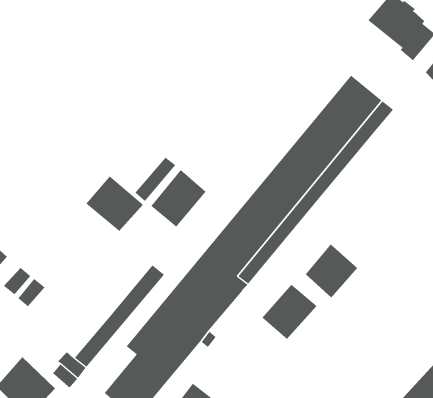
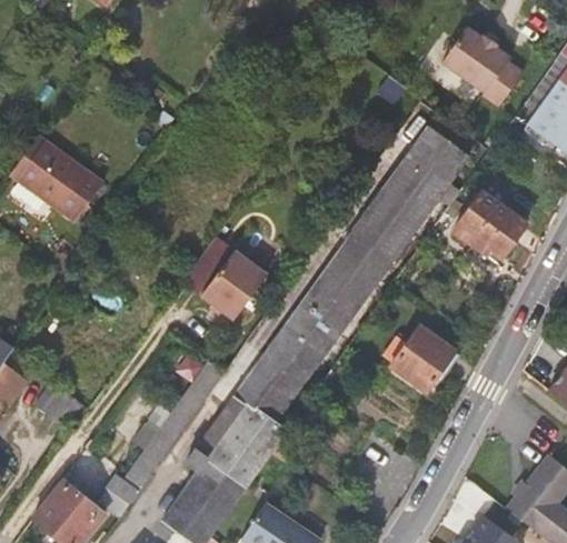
building: none -> [21,137,108,218]
building: none -> [450,193,523,258]
building: [86,176,144,232] -> none
building: [262,284,317,340] -> none

